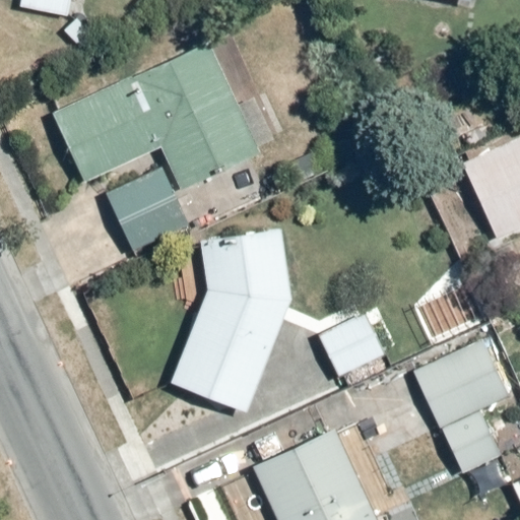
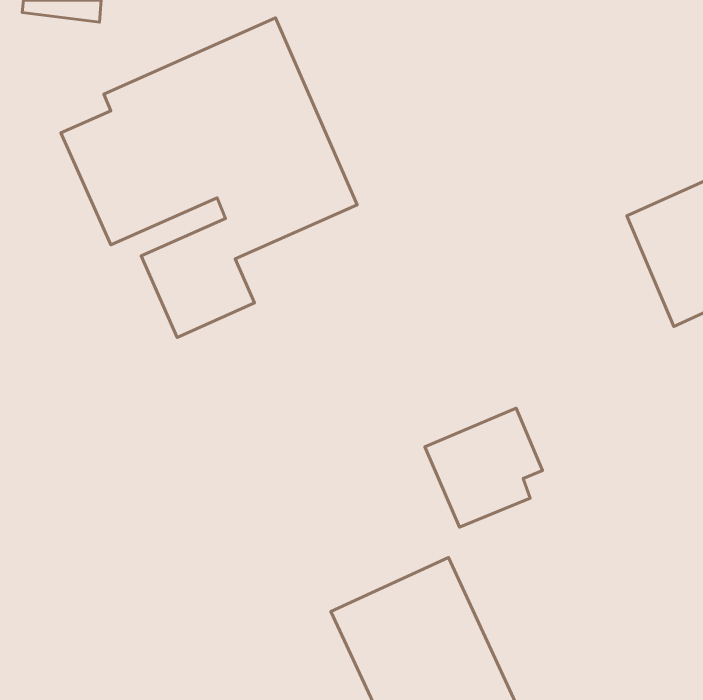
building: [168,223,290,413] -> none
building: [416,343,510,472] -> none

